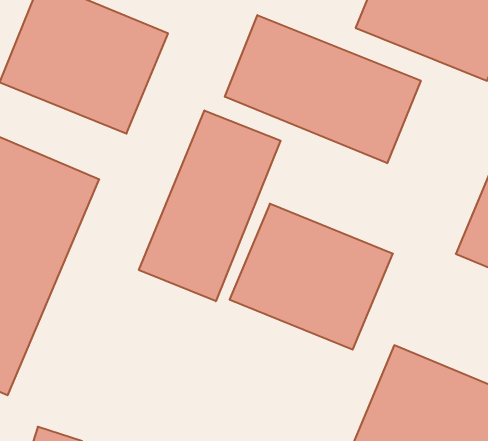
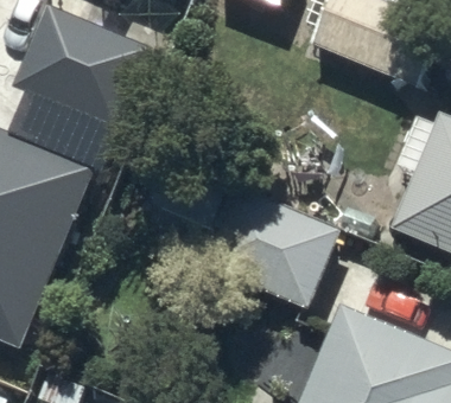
building: [225,15,421,163] -> none
building: [139,110,281,301] -> none

